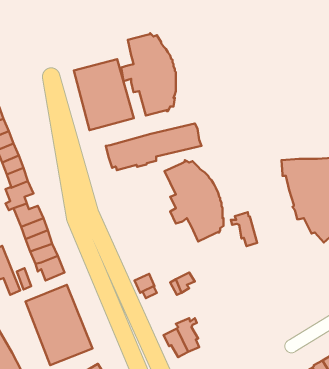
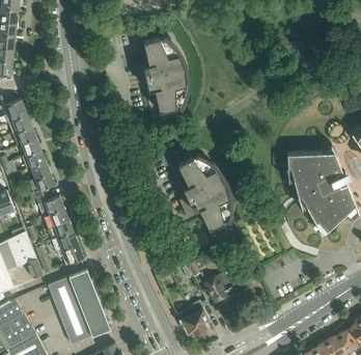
building: [74,59,134,130] -> none
building: [106,123,202,170] -> none
building: [231,212,257,246] -> none
building: none -> [204,272,233,303]

